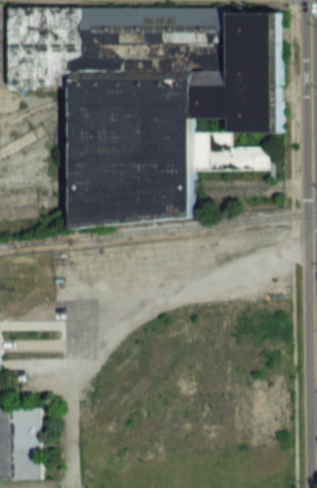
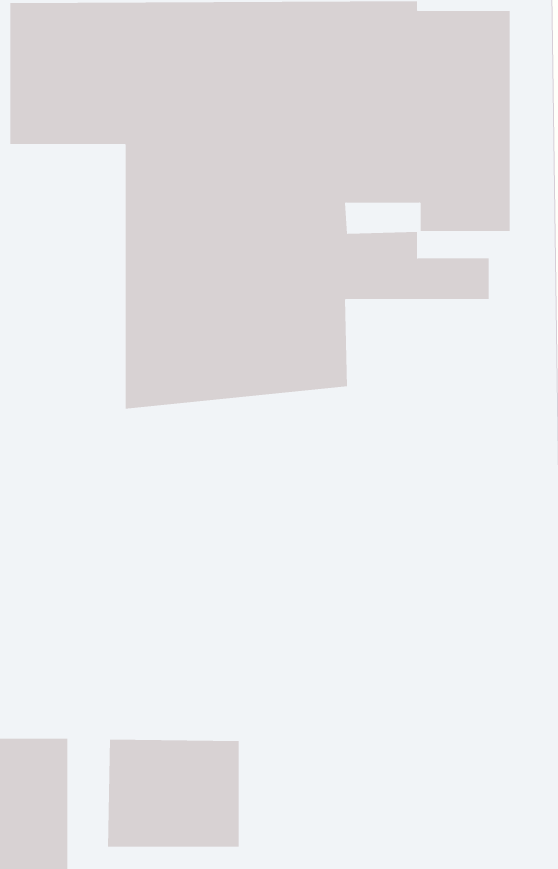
building: none -> [107,739,239,848]

